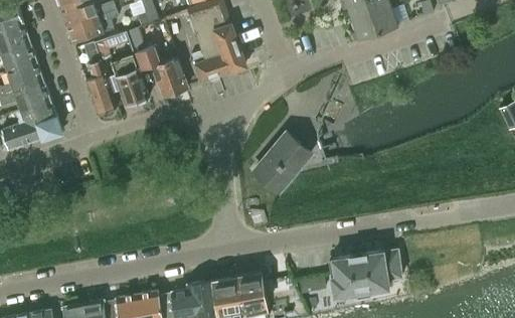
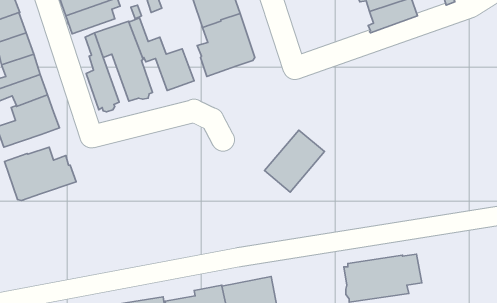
building: none -> [4,147,76,200]

